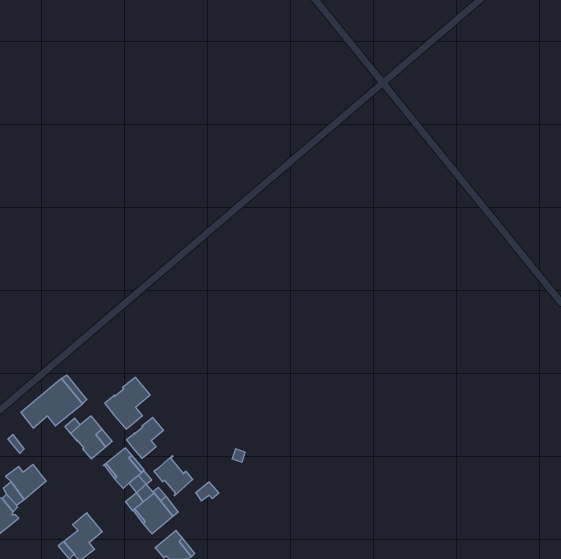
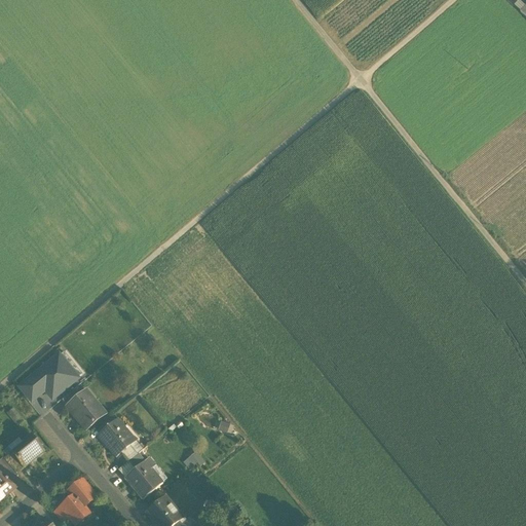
building: [105,377,150,429] -> none
building: [127,417,163,458] -> none
building: [154,456,193,496] -> none

